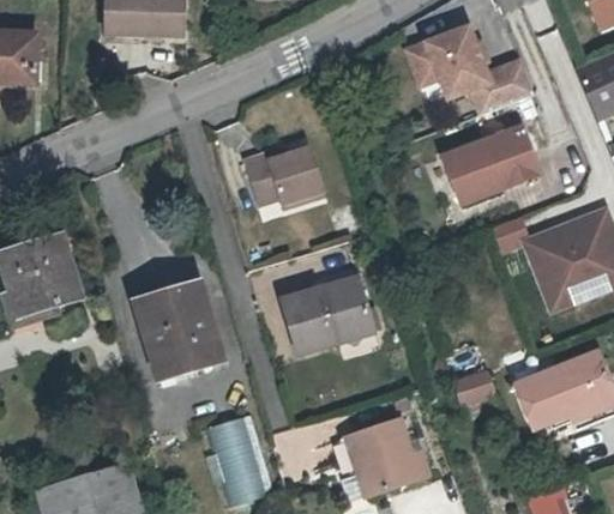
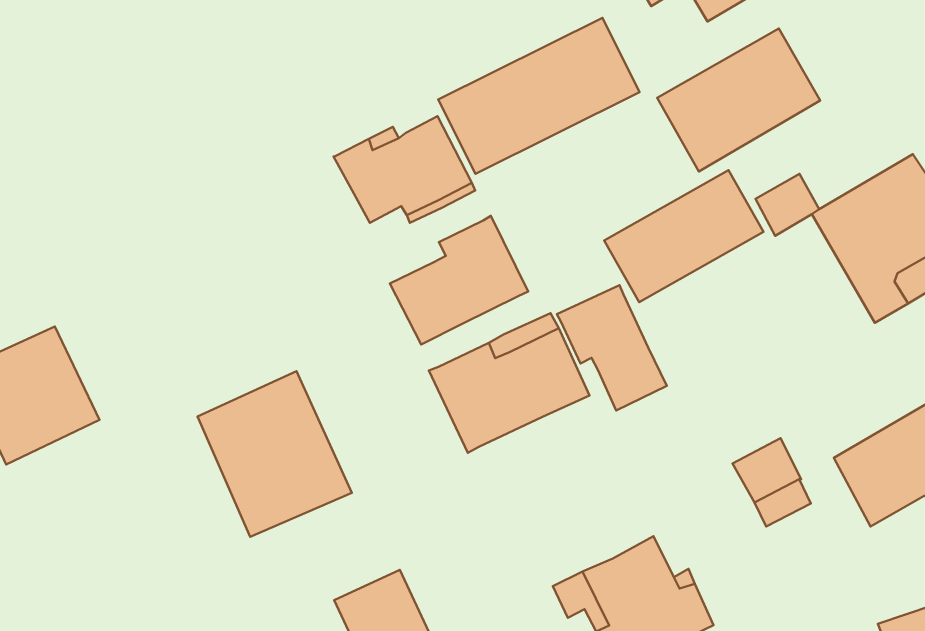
building: none -> [438,18,640,174]
building: none -> [604,170,763,302]
building: none -> [390,216,528,345]
building: none -> [557,285,667,411]

